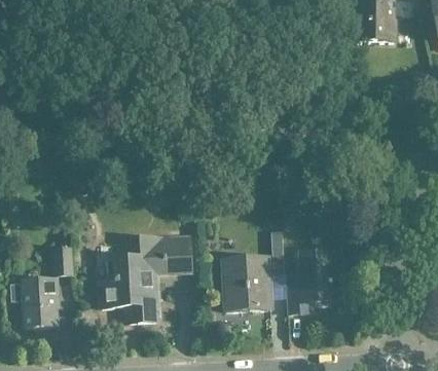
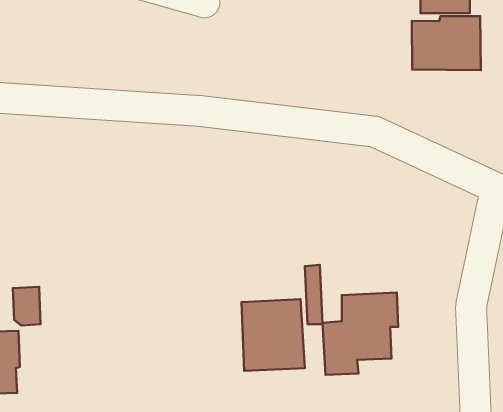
building: none -> [412,16,481,70]
building: [102,237,190,322] -> none

